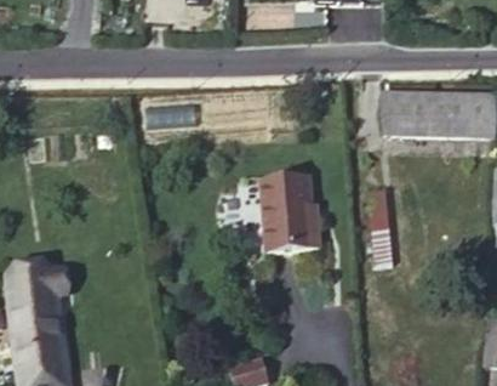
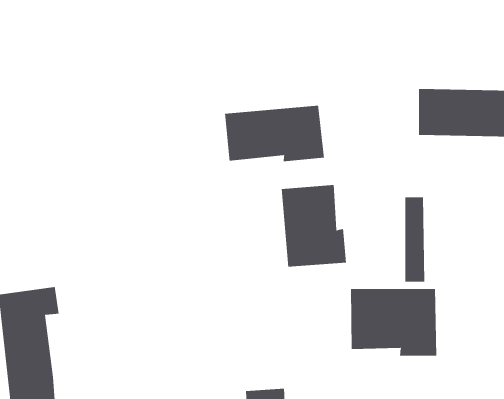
building: none -> [224,105,324,162]
building: none -> [350,288,437,356]

